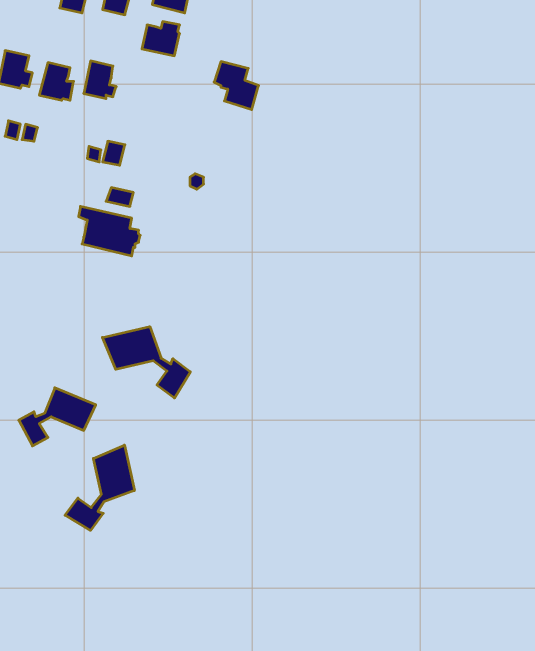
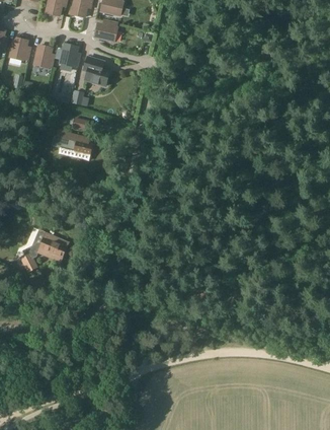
building: [214,62,259,110] -> [83,57,109,85]
building: [102,327,190,398] -> none
building: [65,445,134,530] -> none

